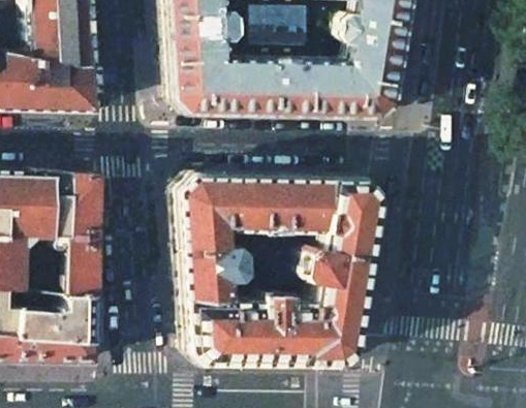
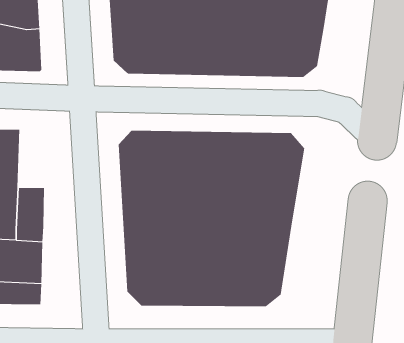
building: [68,175,98,238] -> none

